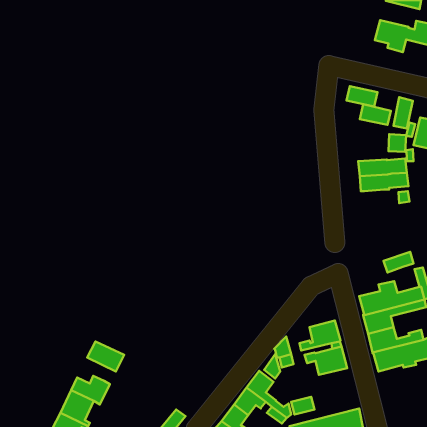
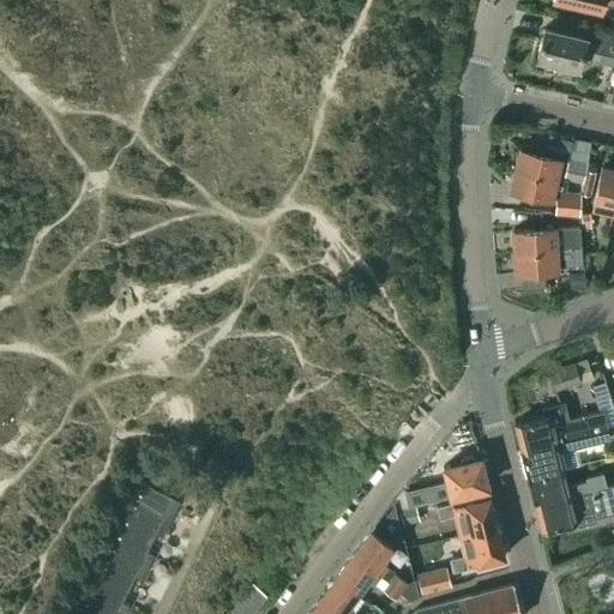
building: [346,86,378,106] -> [512,173,556,201]
building: none -> [113,513,168,550]
building: none -> [451,529,506,573]

